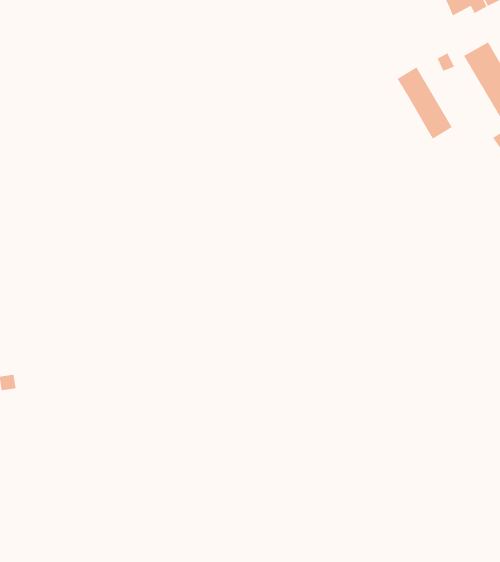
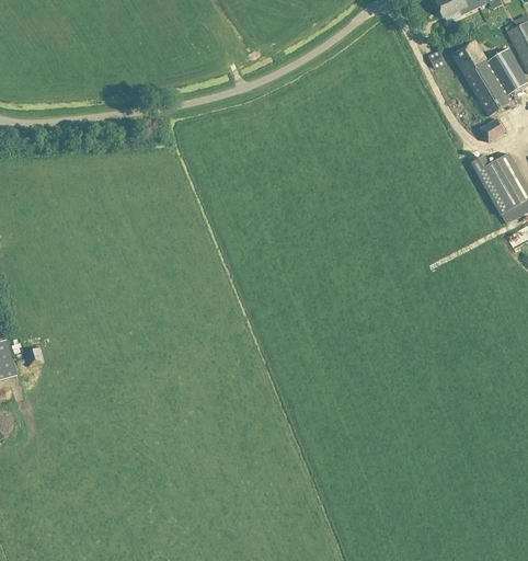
building: [397,66,452,140] -> none

